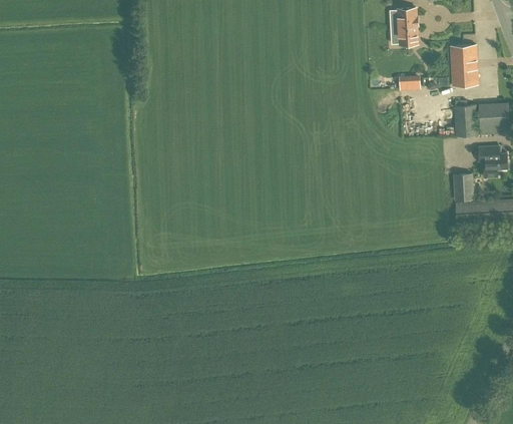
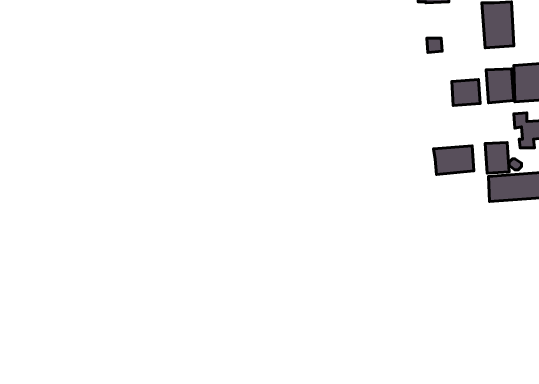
building: none -> [452,79,480,106]
building: none -> [434,146,474,175]

